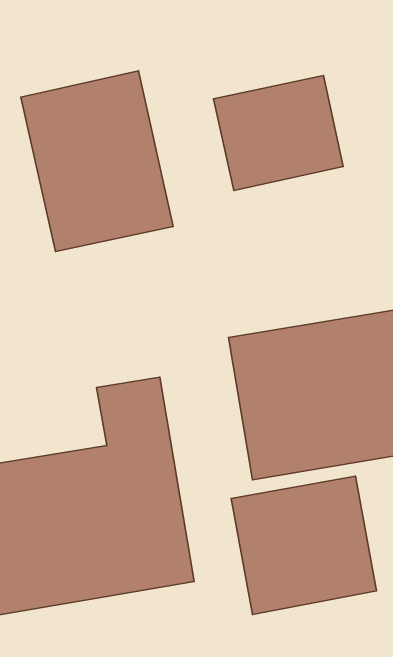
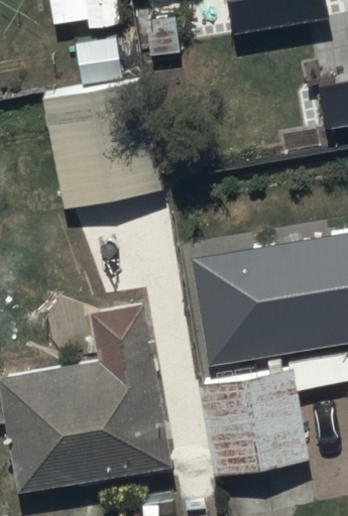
building: [214,76,343,191] -> none

